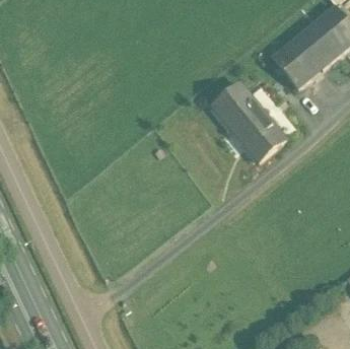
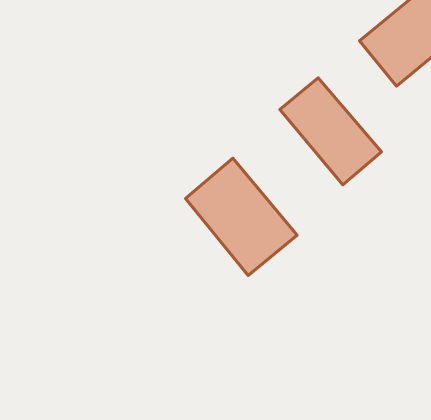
building: none -> [185,158,297,275]

